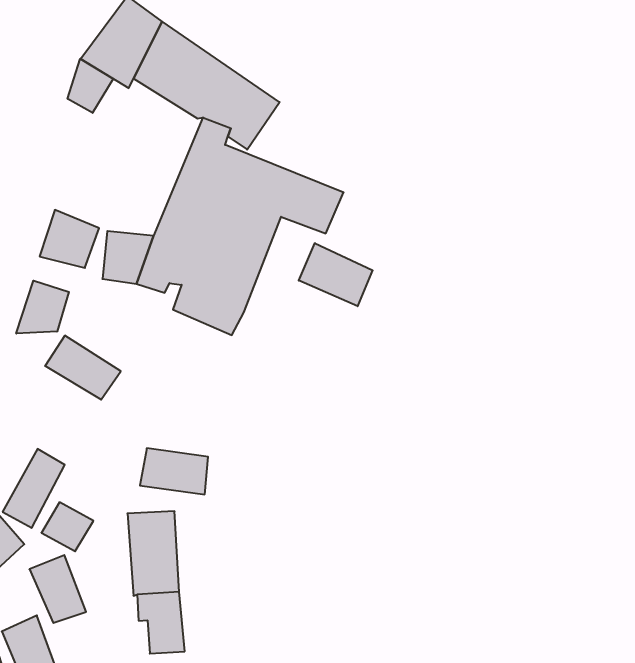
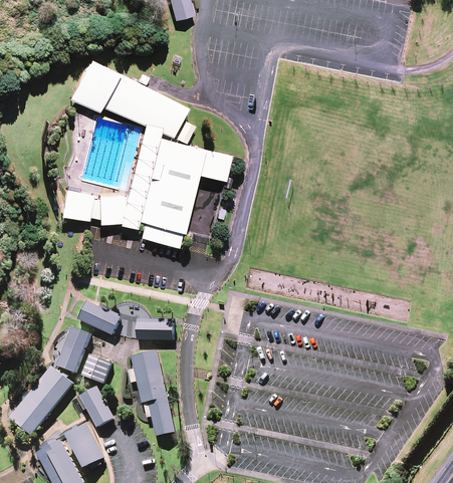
building: [68,59,113,113] -> none
building: [299,243,373,306] -> none
building: [16,281,69,334] -> none
building: [45,336,121,400] -> [77,299,122,333]

